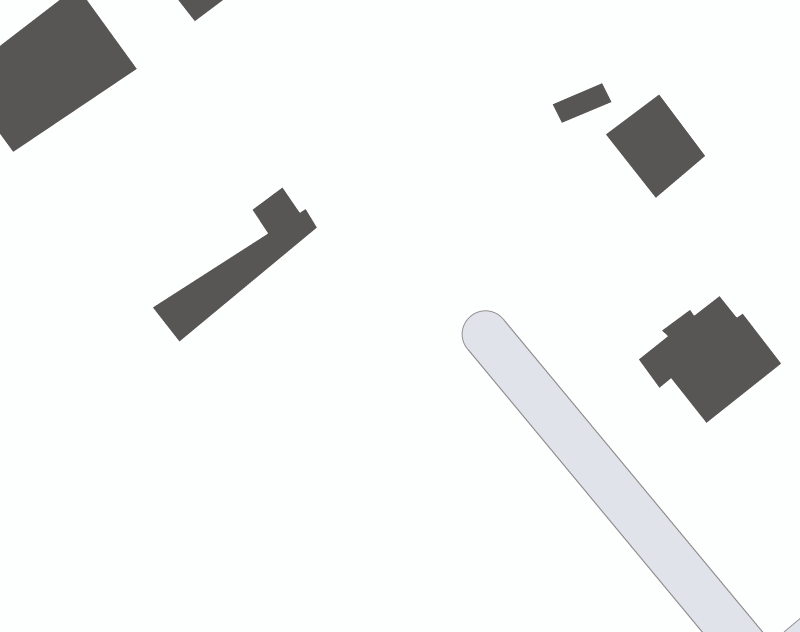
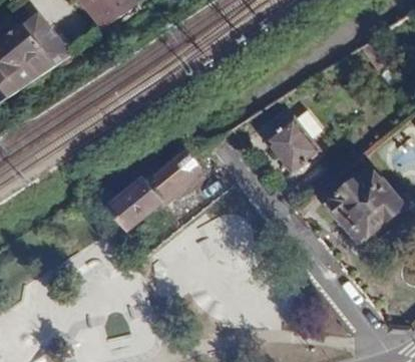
building: [605,93,706,199] -> [266,118,318,172]
building: [152,187,318,343] -> [111,144,196,225]

